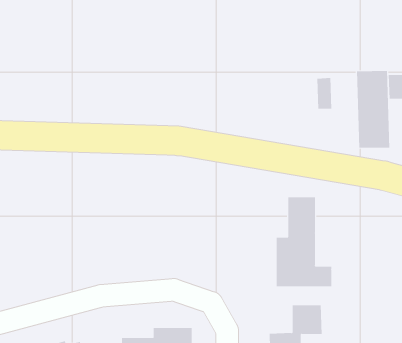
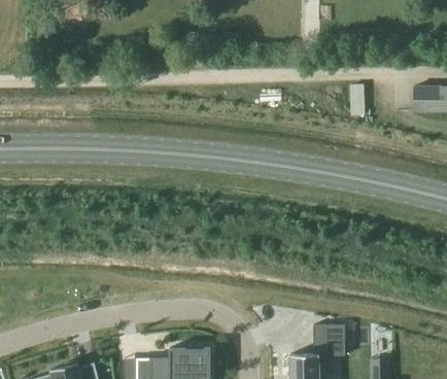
building: [357,70,390,149] -> none
building: [276,197,332,287] -> none

